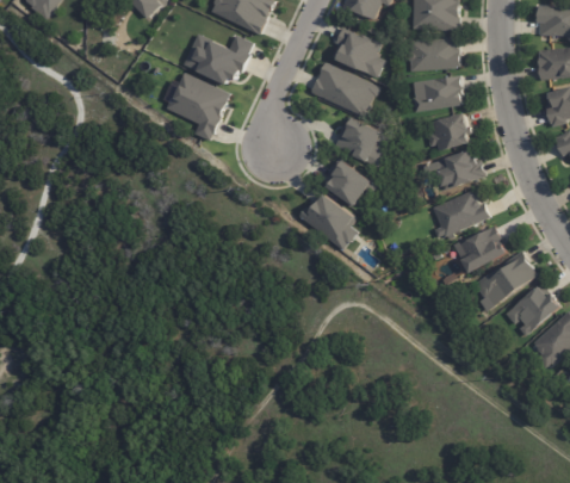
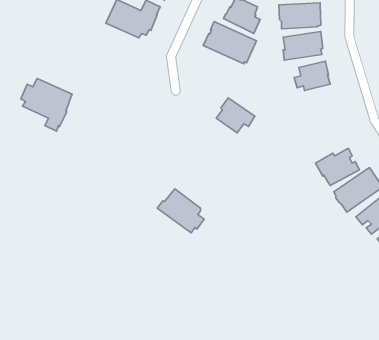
building: [162,73,229,141] -> [21,79,72,131]
building: [332,116,390,167] -> none
building: [436,150,488,191] -> none
building: [433,190,492,239] -> none
building: [297,192,358,249] -> [157,189,204,233]

